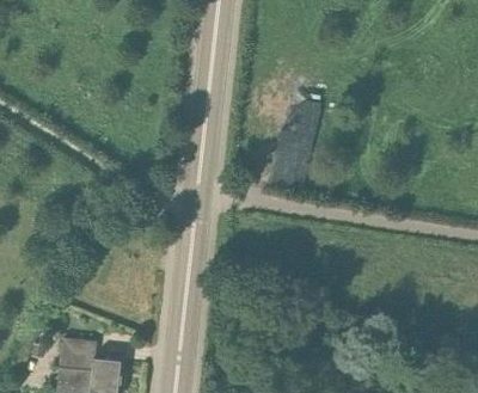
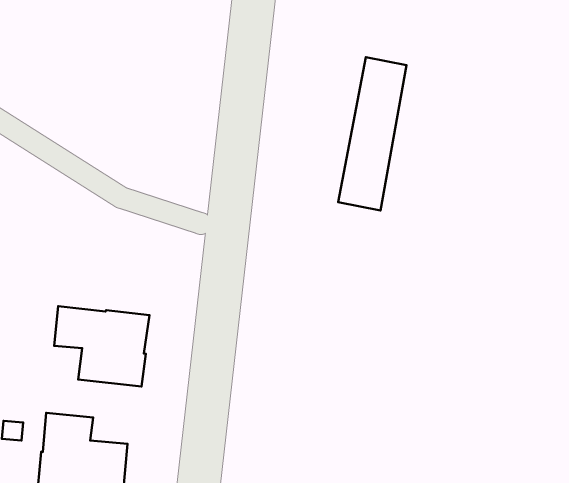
building: none -> [54,306,150,387]

